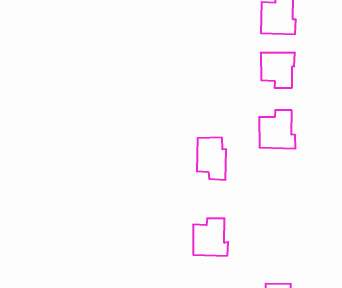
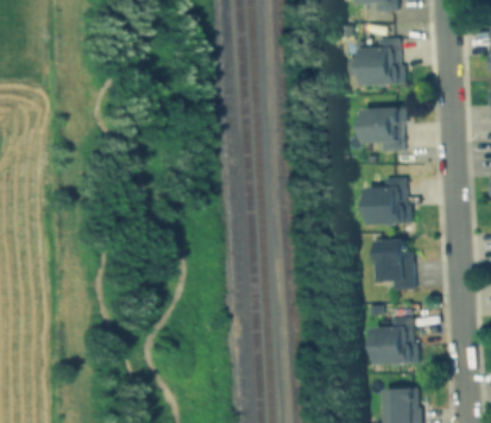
building: [197,138,226,180] -> [376,239,413,290]
building: [193,218,228,256] -> [372,317,416,364]

